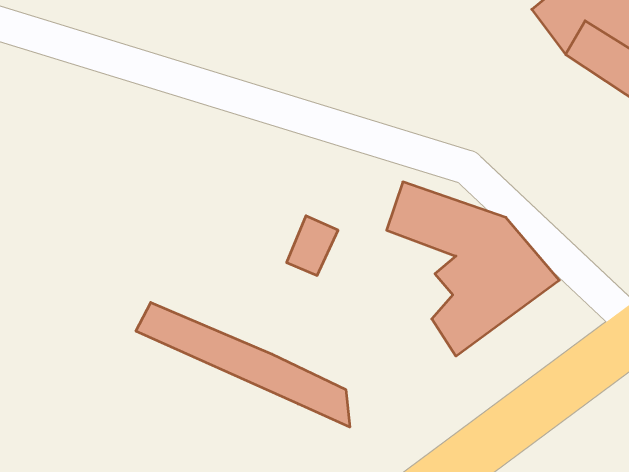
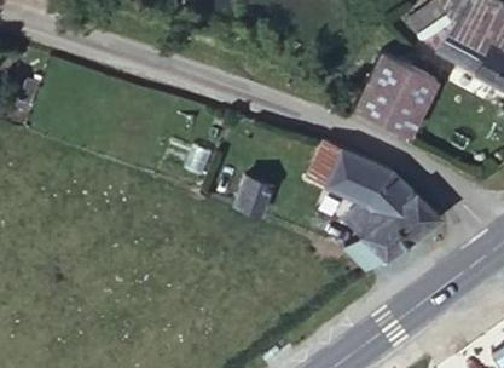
building: none -> [355,52,438,132]
building: [136,302,350,427] -> none

